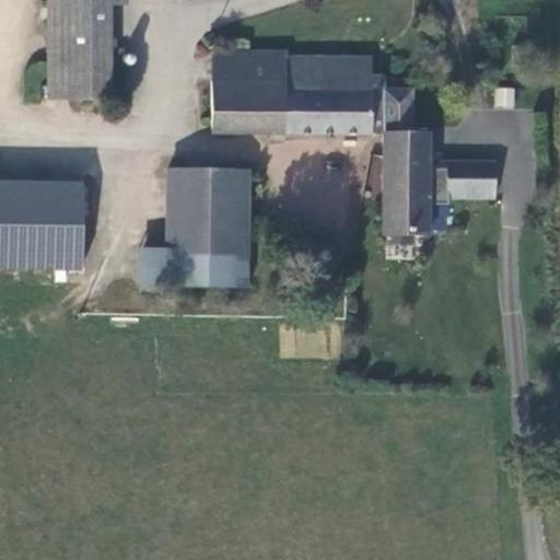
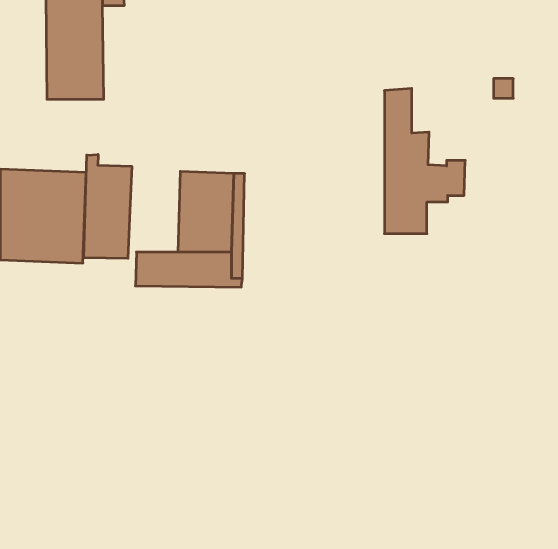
building: [212,51,369,135] -> none
building: none -> [84,154,132,258]
building: [465,161,497,197] -> none

